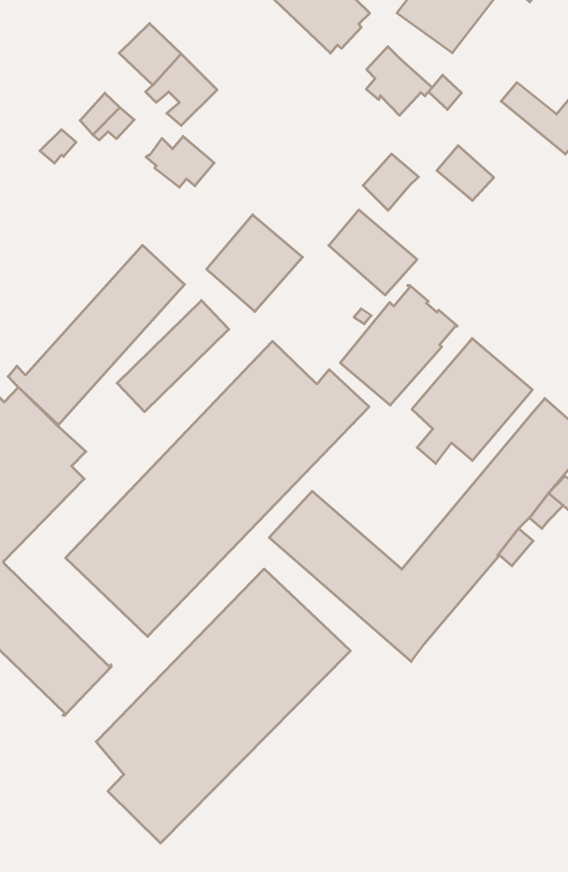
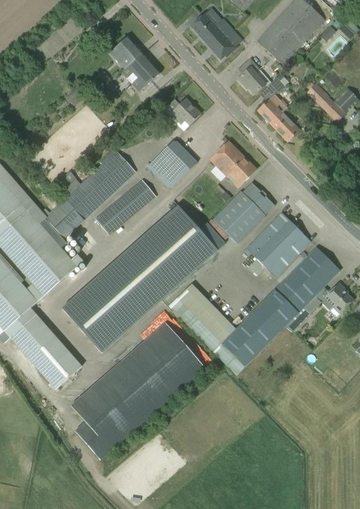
building: [146,136,214,187] -> [165,98,200,124]
building: [363,154,419,210] -> [258,95,287,124]

